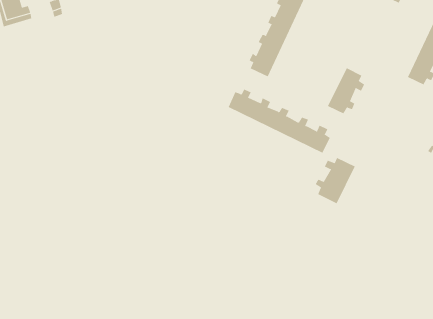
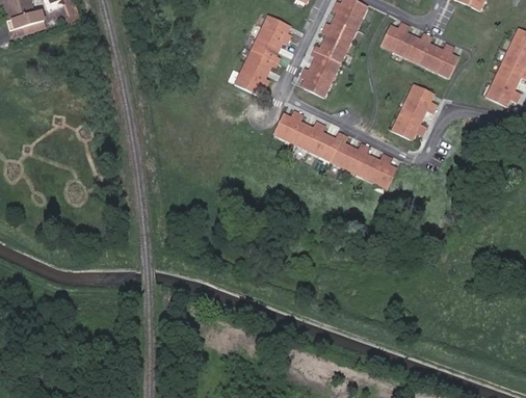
building: none -> [237,16,291,95]
building: none -> [380,22,458,76]
building: [315,157,355,204] -> none

